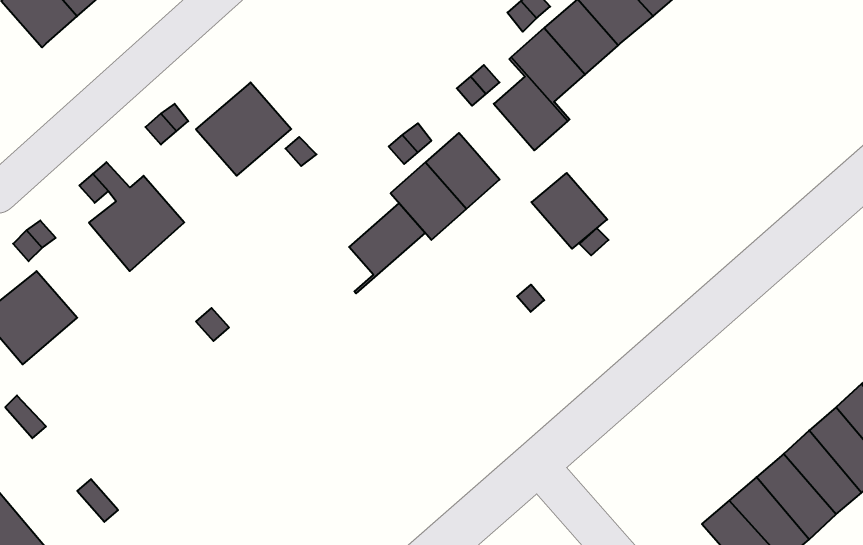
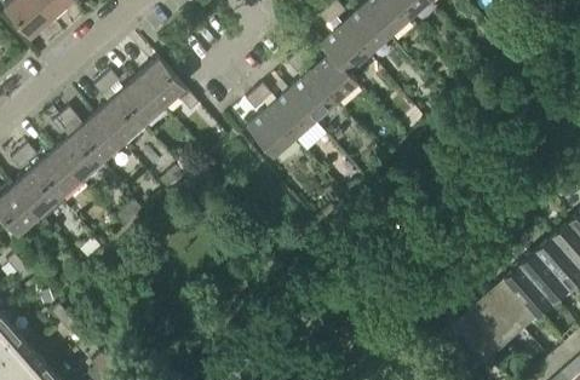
building: none -> [91,90,149,148]
building: [531,173,607,249] -> [287,74,334,121]
building: [349,203,425,293] -> none
building: none -> [24,148,82,207]

